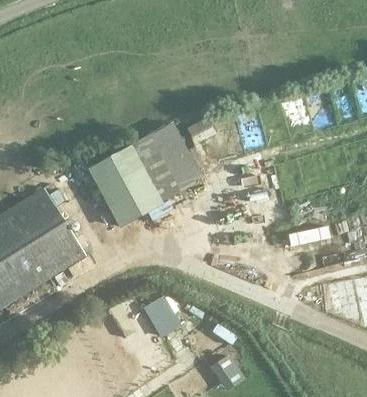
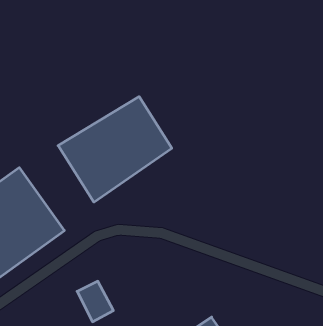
building: [145,295,181,336] -> [77,281,113,322]

